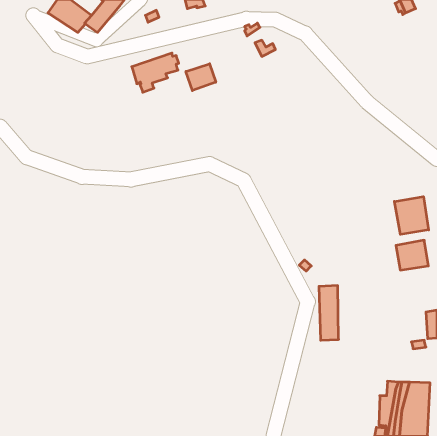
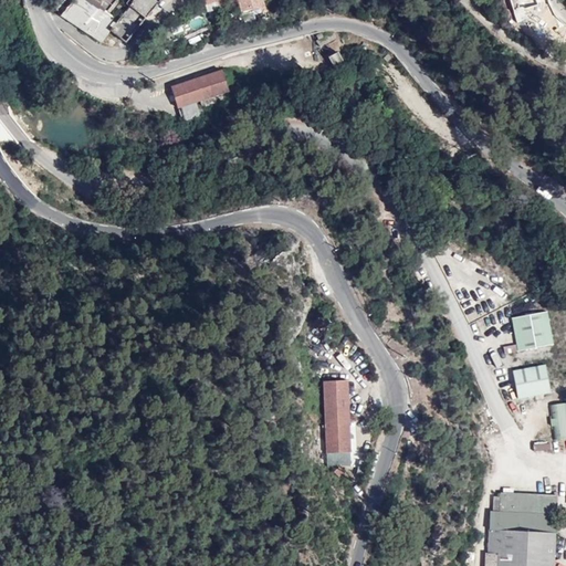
building: [186,64,216,91] -> none
building: [394,197,429,234] -> none
building: none -> [512,363,552,398]
building: [319,286,339,340] -> [324,380,349,451]

